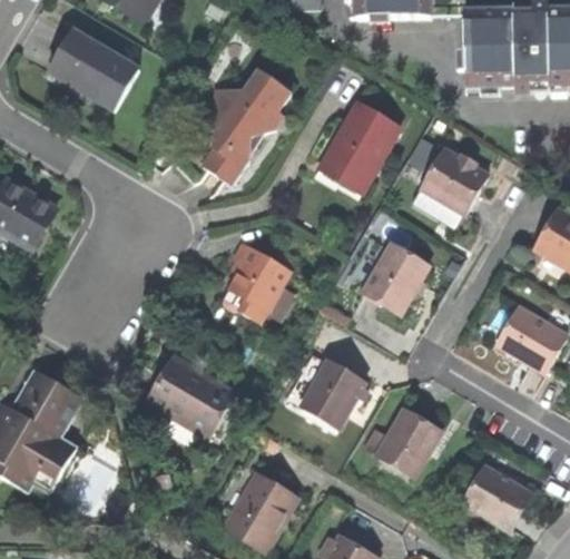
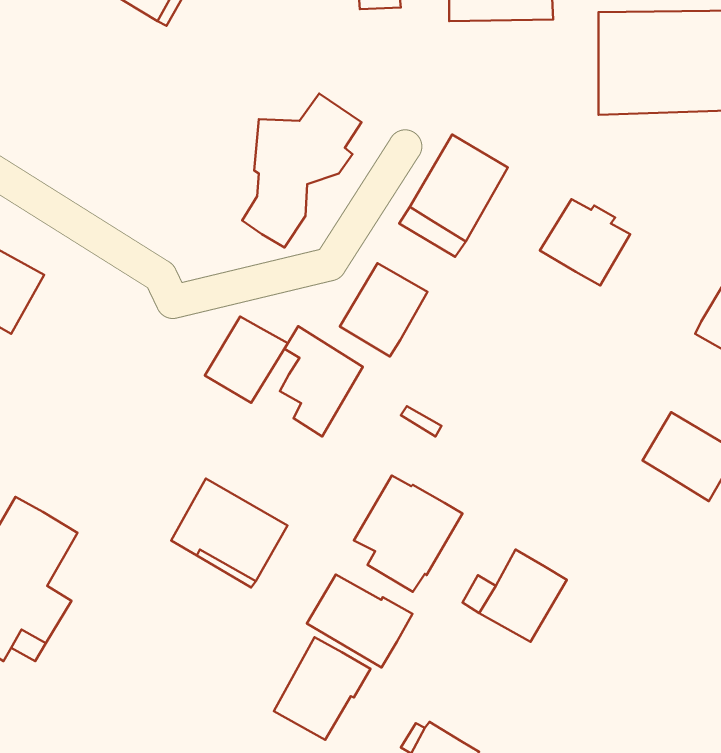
building: [50,30,141,110] -> none
building: none -> [205,317,288,403]
building: [364,244,429,313] -> [340,263,427,357]
building: none -> [307,574,412,668]
building: [452,464,531,529] -> none

